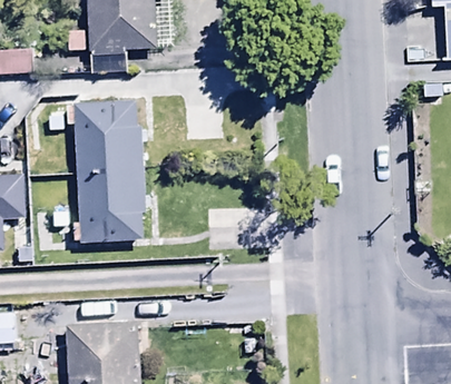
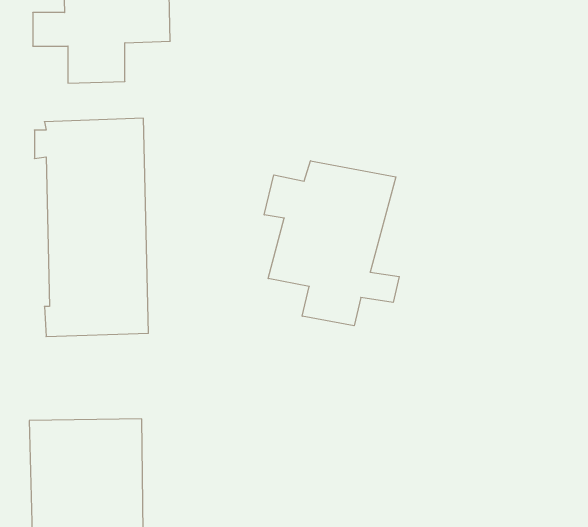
building: none -> [264,161,399,326]

